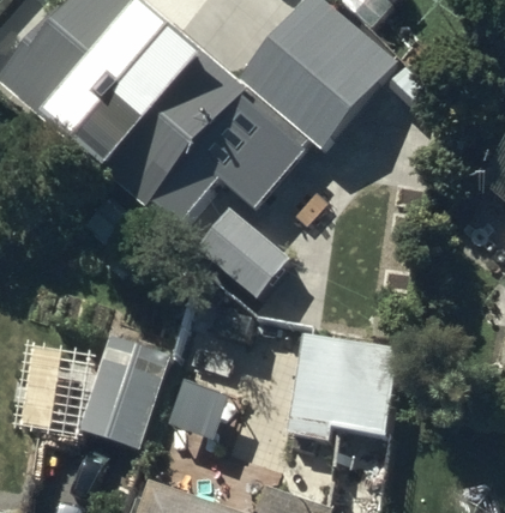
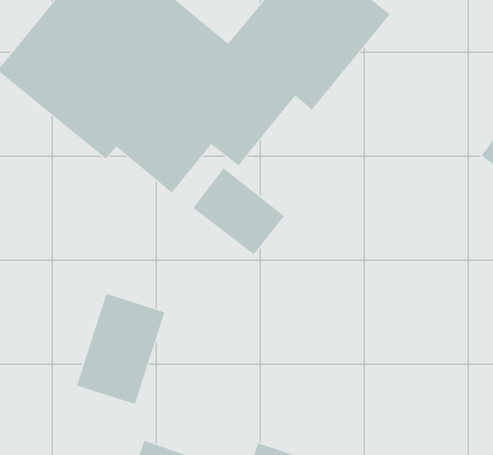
building: [287,333,389,445] -> none

